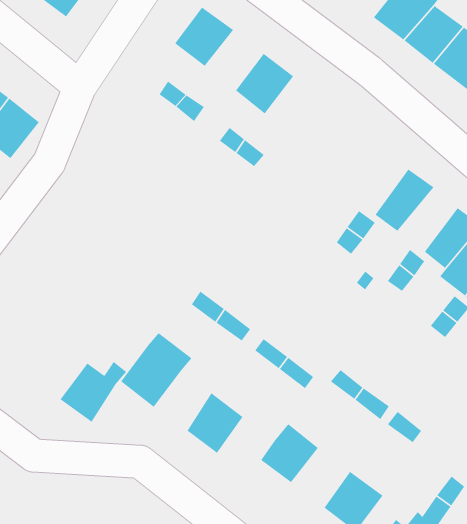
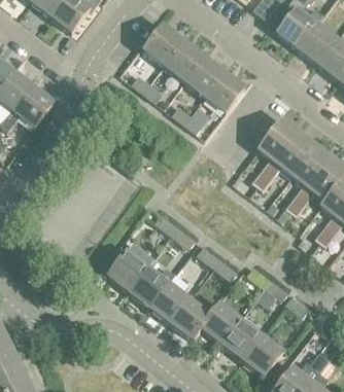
building: none -> [164,40,203,80]
building: none -> [204,71,244,112]
building: none -> [259,118,300,164]
building: none -> [293,145,333,188]
building: [59,361,127,423] -> [130,266,175,308]
building: none -> [172,298,210,338]
building: none -> [221,319,261,359]

